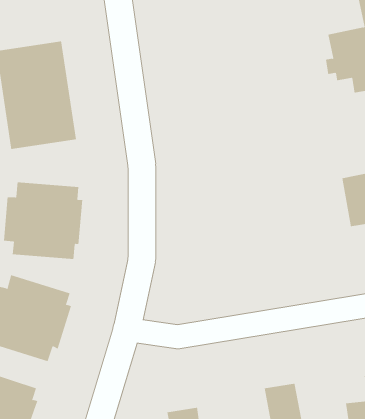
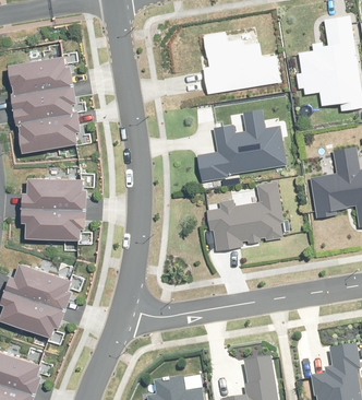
building: none -> [204,31,280,93]
building: none -> [196,108,289,180]
building: none -> [208,180,287,250]

